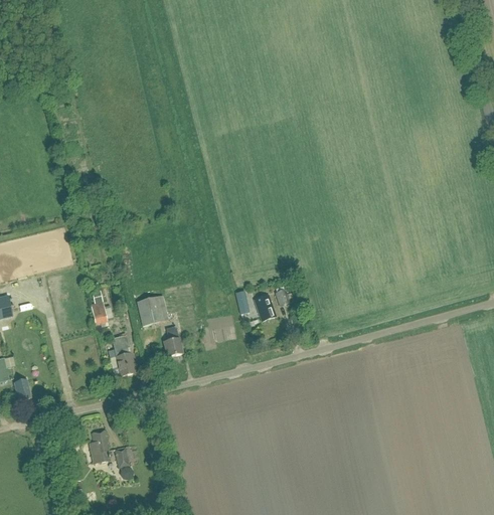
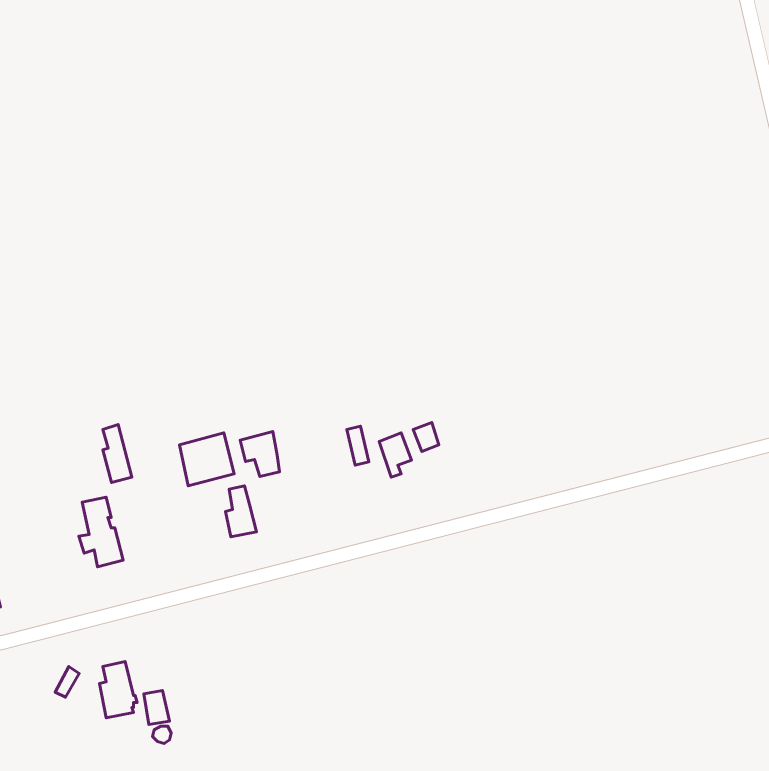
building: none -> [240,432,280,477]
building: [110,335,136,376] -> [79,497,123,567]

